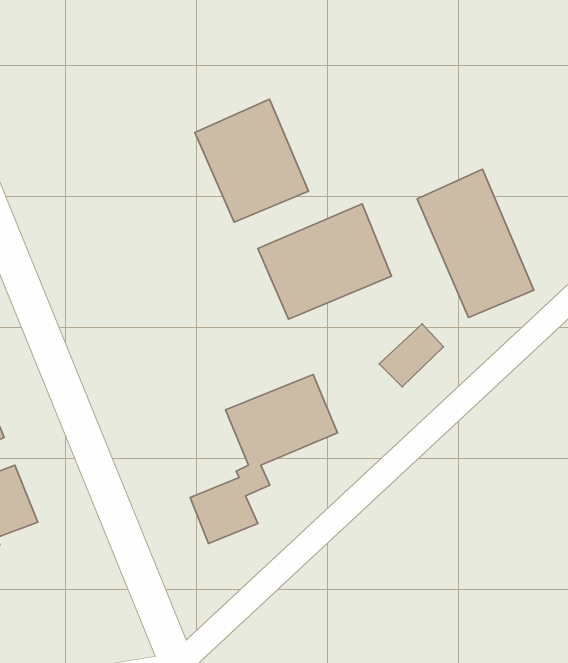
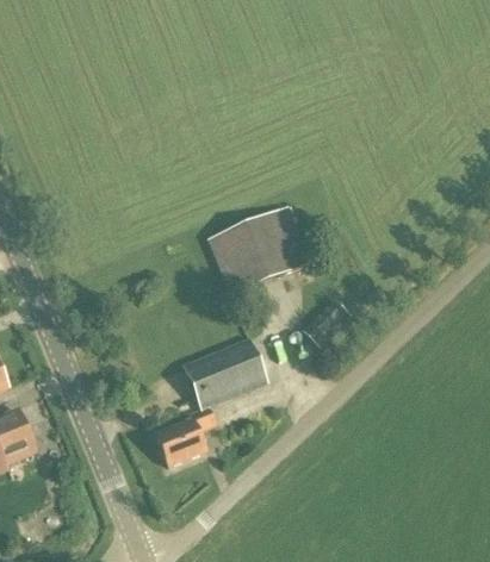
building: [195,99,309,222] -> none
building: [417,169,534,317] -> none

